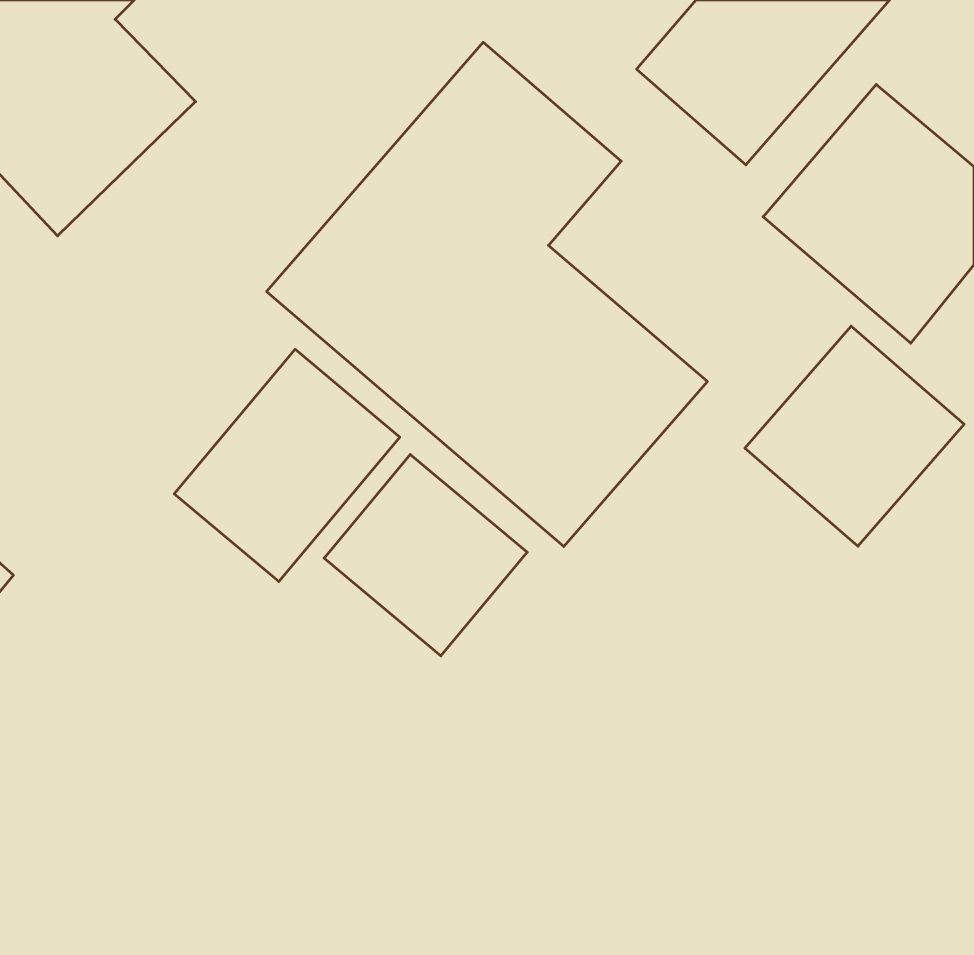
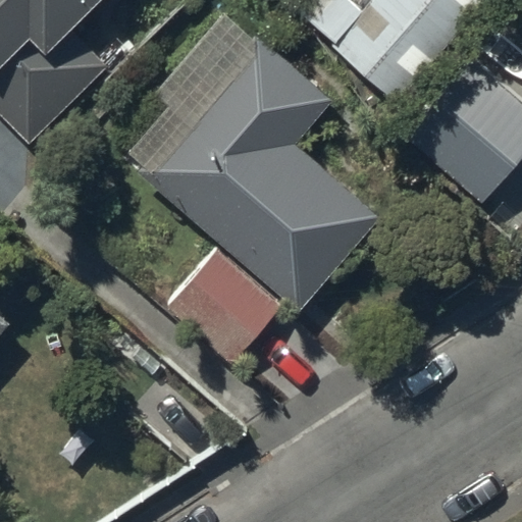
building: [745,326,964,546] -> none
building: [174,349,400,582] -> none

